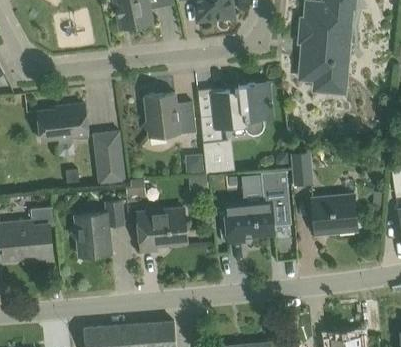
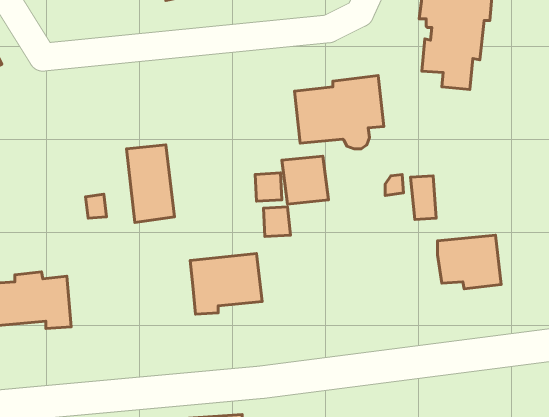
building: [142,93,195,137] -> none
building: [37,103,89,144] -> none
building: [224,170,291,243] -> none
building: [71,201,123,257] -> none

